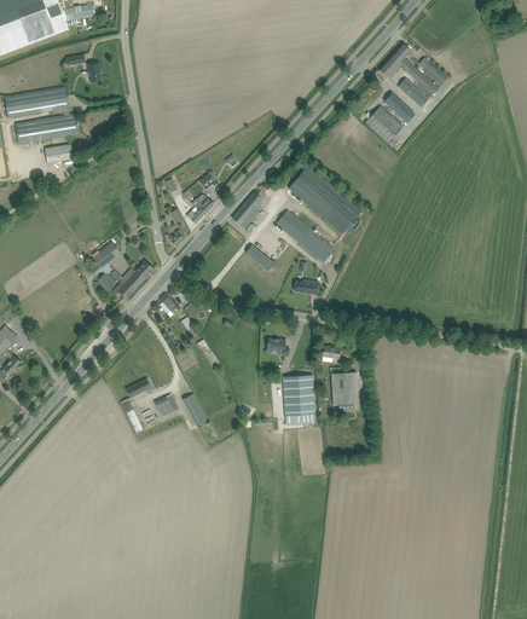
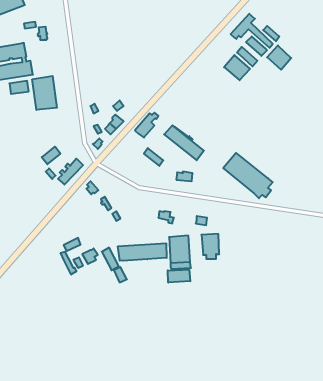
building: none -> [267,45,291,70]
building: none -> [32,76,57,110]
building: [288,167,361,235] -> [223,153,273,198]
building: none -> [118,243,167,261]
building: none -> [168,270,190,283]

